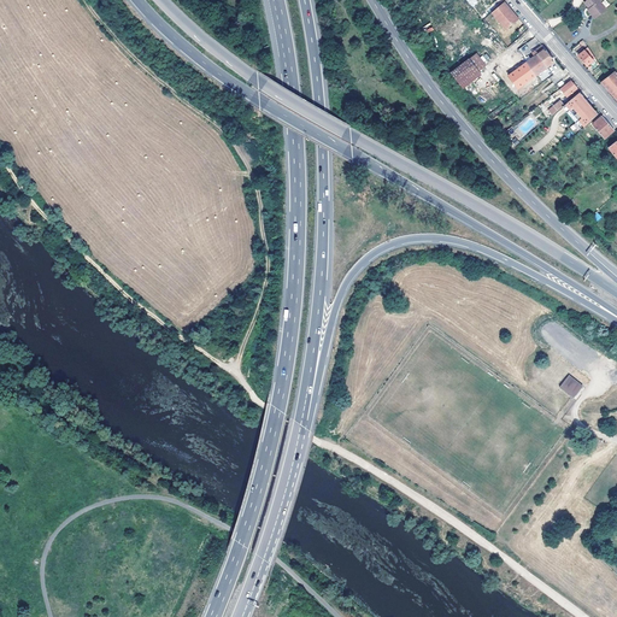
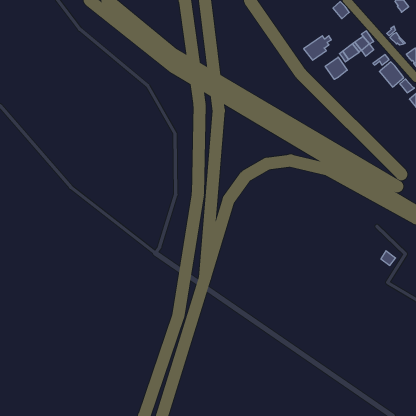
building: none -> [325,57,347,79]

